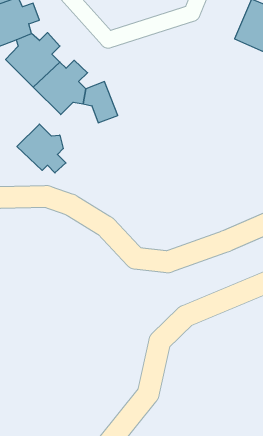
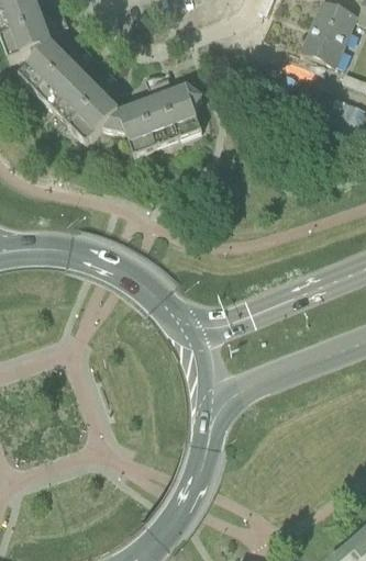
building: none -> [138,77,199,144]
building: [17,124,66,173] -> none

